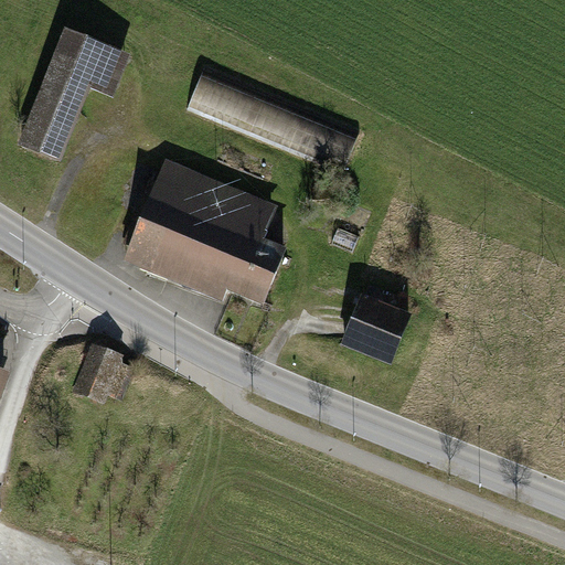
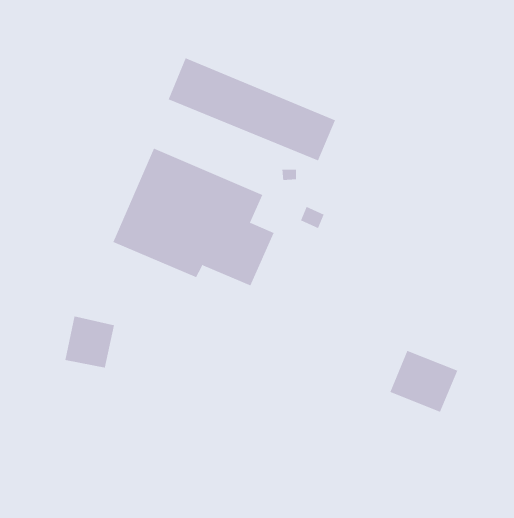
building: [9,24,135,167] -> none
building: [340,296,414,363] -> [389,350,458,413]

